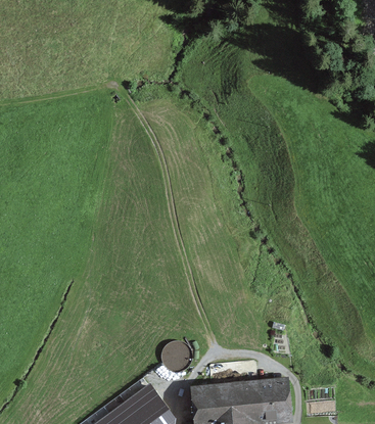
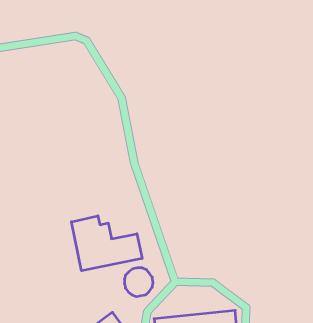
building: none -> [71,216,142,271]

